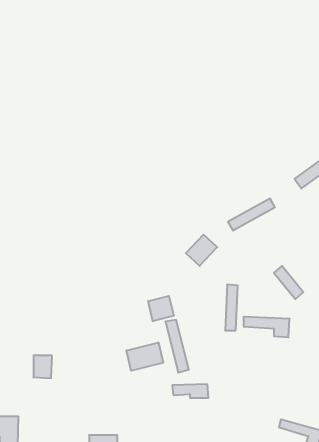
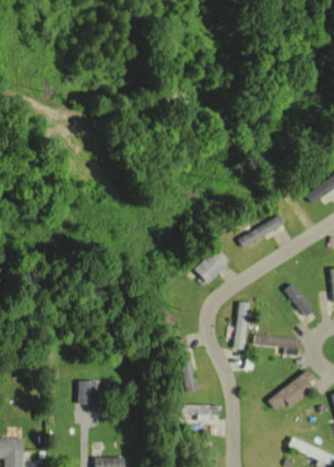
building: [148,296,174,321] -> none
building: [126,342,163,371] -> none
building: none -> [267,371,314,409]
building: [33,356,52,378] -> [78,381,97,404]

